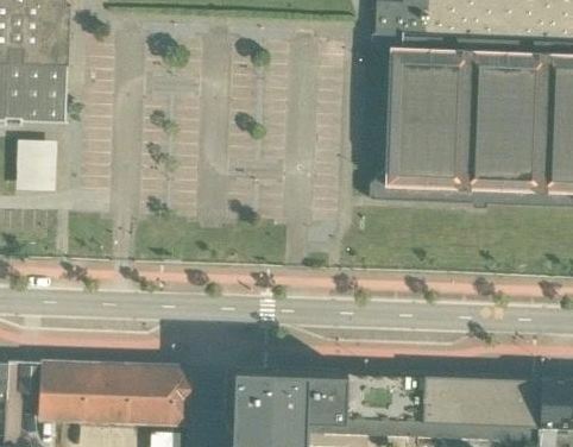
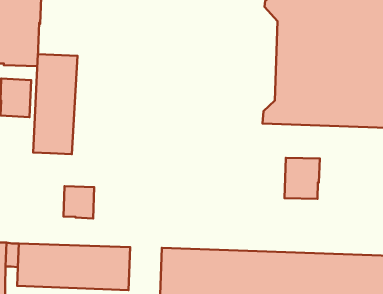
building: none -> [33,54,77,154]
building: none -> [285,158,320,199]
building: none -> [64,186,94,218]

